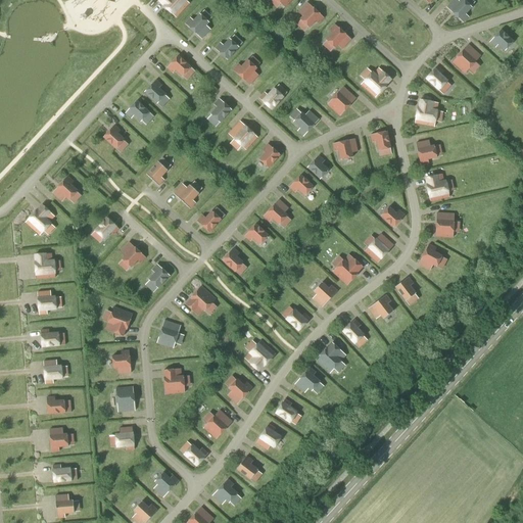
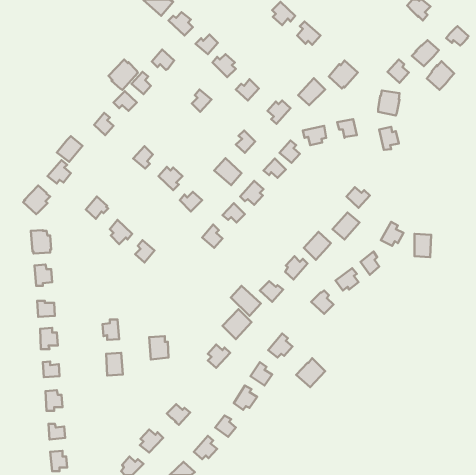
building: none -> [109,60,138,90]
building: none -> [427,61,454,90]
building: [228,121,257,150] -> [214,158,241,185]
building: none -> [57,136,82,162]
building: [424,173,449,201] -> none
building: [436,211,455,237] -> [414,234,431,257]
building: [185,285,216,315] -> none
building: [105,306,132,336] -> none
building: none -> [231,286,261,316]
building: [156,320,181,348] -> none
building: [315,341,346,373] -> [296,358,325,387]
building: [204,410,232,439] -> none
building: [114,426,135,449] -> none

